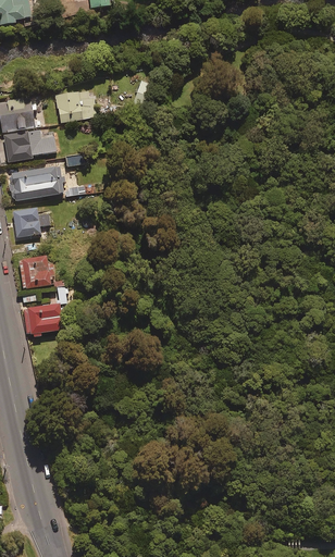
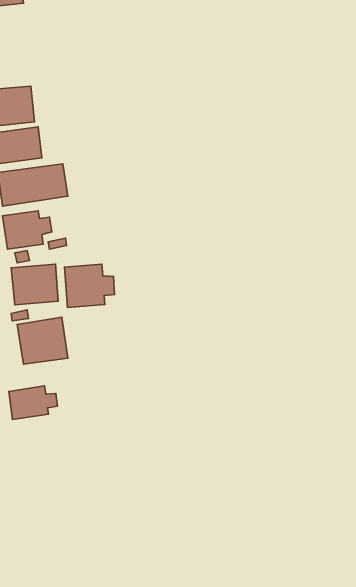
building: [57,91,102,123] -> none
building: none -> [65,264,114,308]
building: none -> [9,386,57,419]

